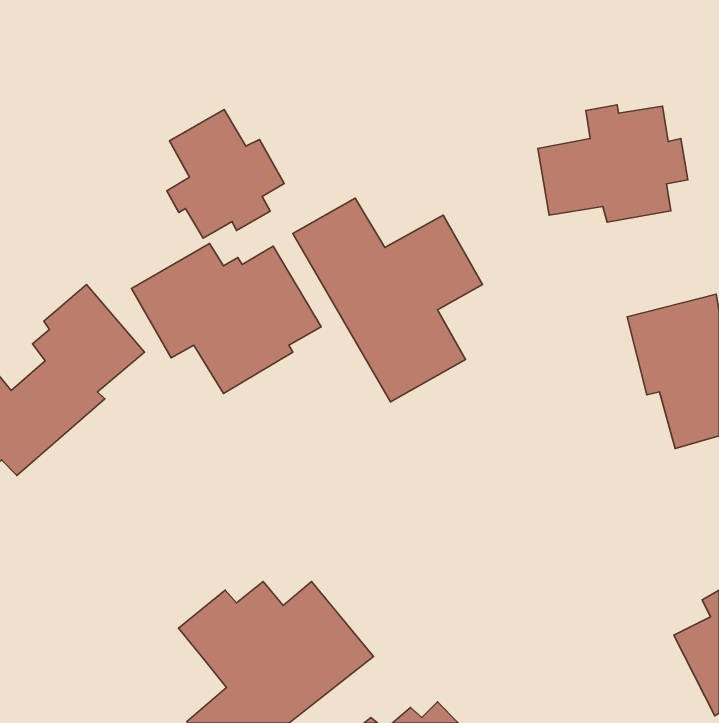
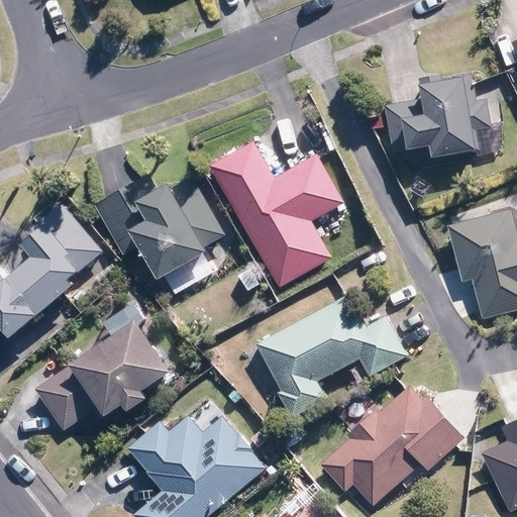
building: [167,110,284,238] -> none
building: none -> [255,294,408,419]
building: none -> [34,320,173,430]
building: none -> [321,386,464,505]

